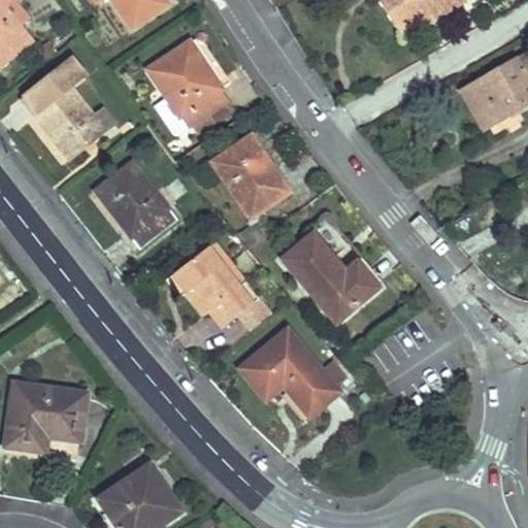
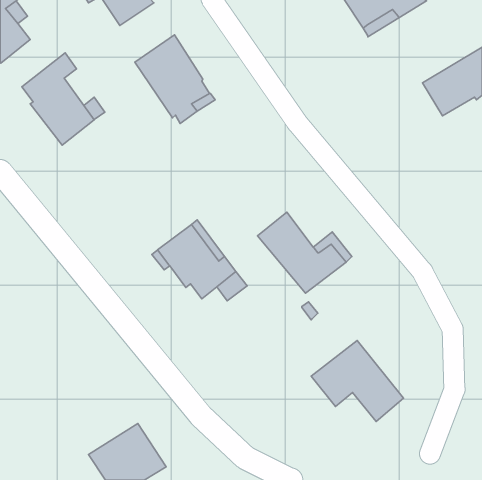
building: [209,133,289,219] -> none
building: [96,161,176,246] -> none
building: [237,327,338,416] -> [311,340,404,422]
building: [6,381,86,449] -> none

